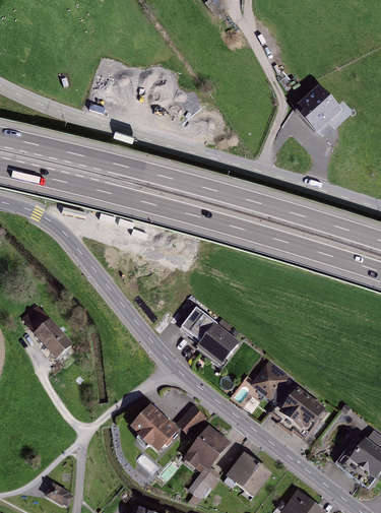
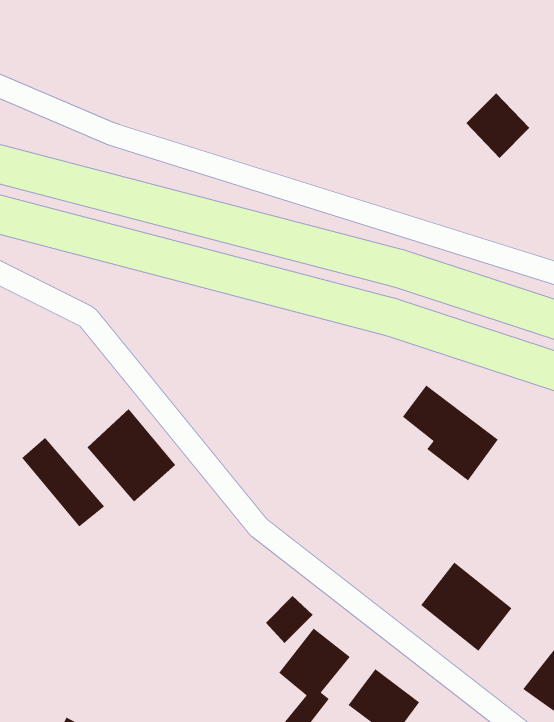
building: none -> [87,408,176,502]
building: [180,307,241,368] -> [402,384,499,481]
building: [251,360,287,396] -> none
building: [131,402,179,449] -> none

